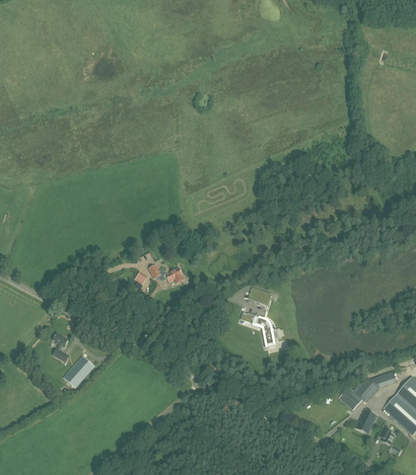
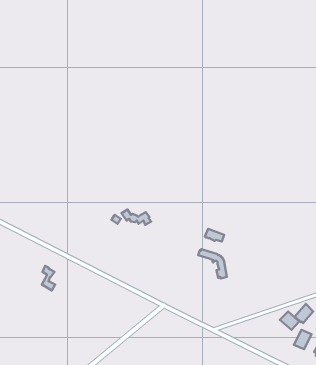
building: [63,354,94,387] -> none

